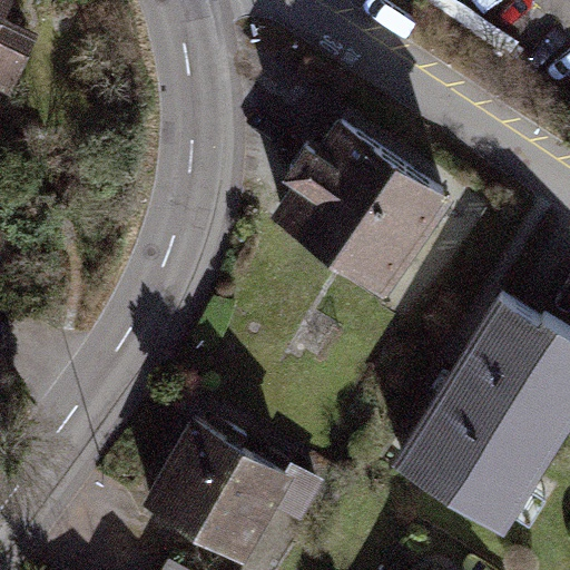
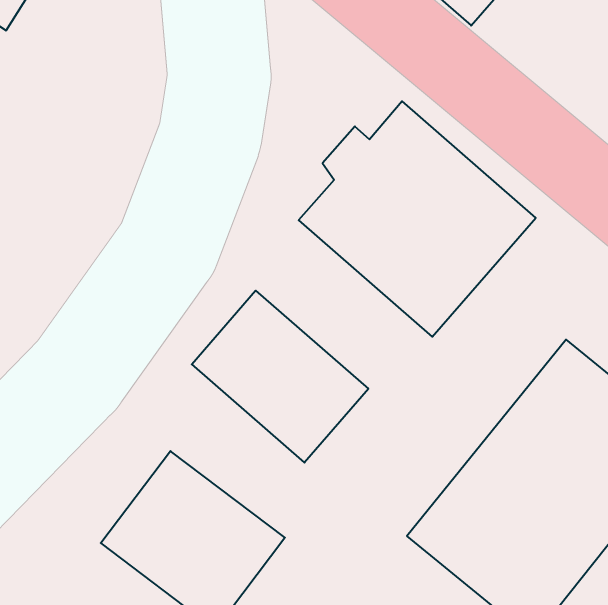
building: none -> [192,291,368,463]

